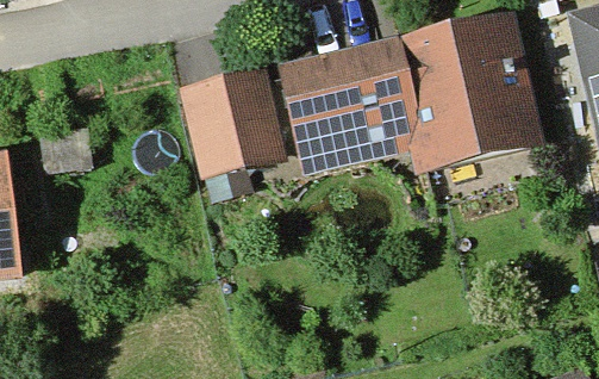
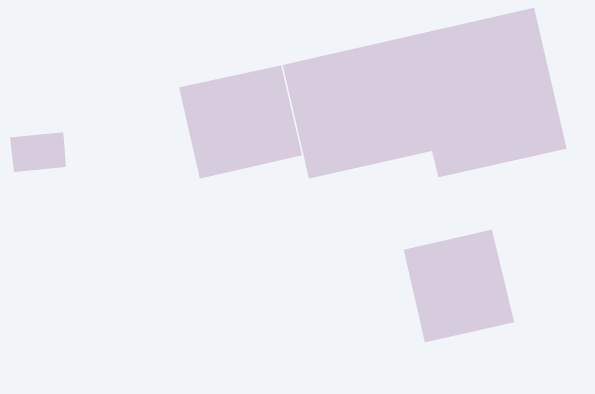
building: none -> [403,229,515,343]

